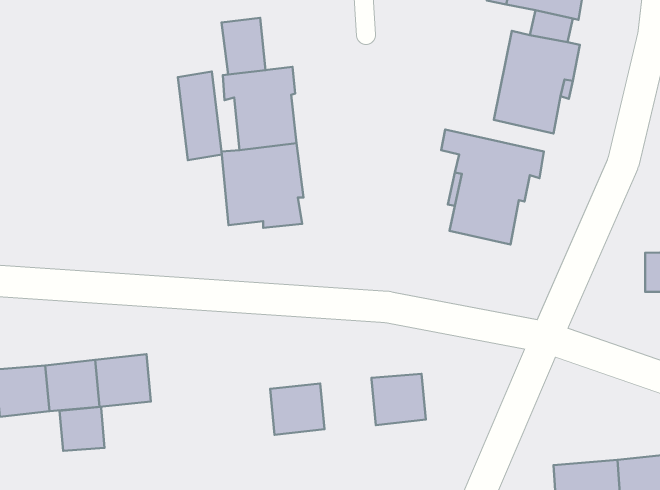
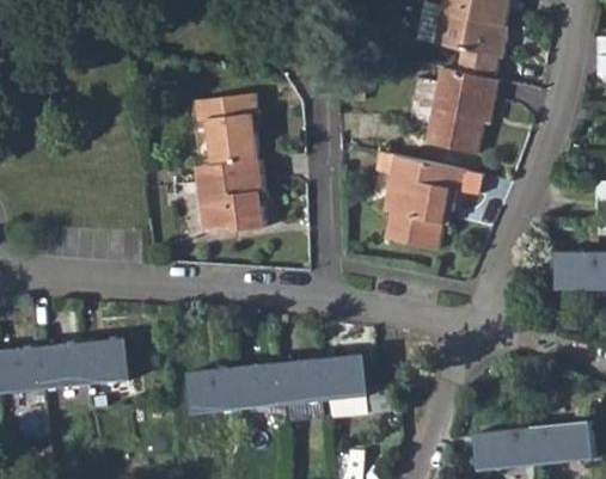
building: [222,18,266,75] -> none
building: [178,71,222,160] -> none
building: none -> [276,360,324,404]
building: none -> [190,369,237,412]
building: [59,407,105,451] -> none

